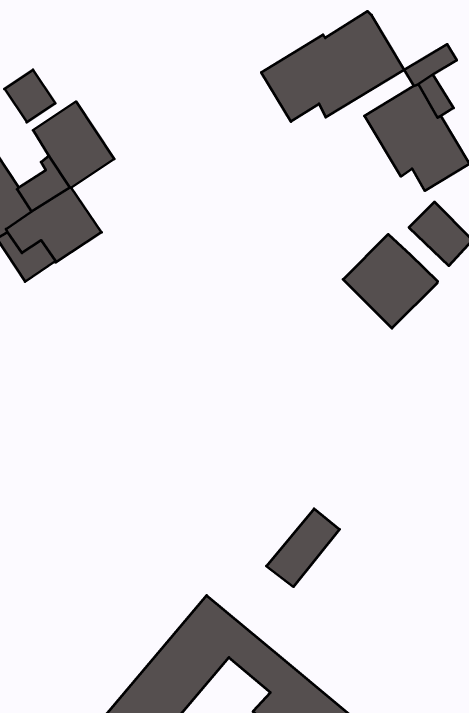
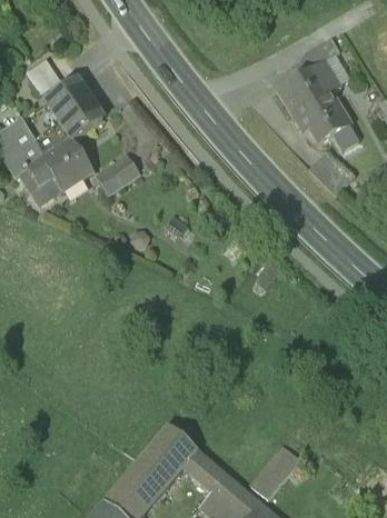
building: [261,11,404,122] -> none
building: none -> [97,157,140,196]
building: [343,234,438,328] -> none
building: [266,509,340,587] -> [250,445,301,499]

